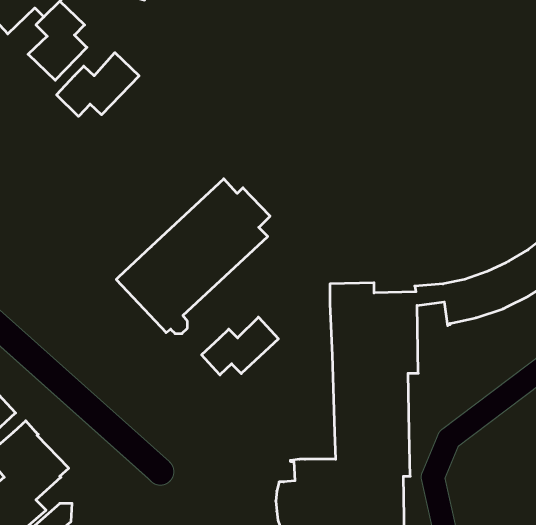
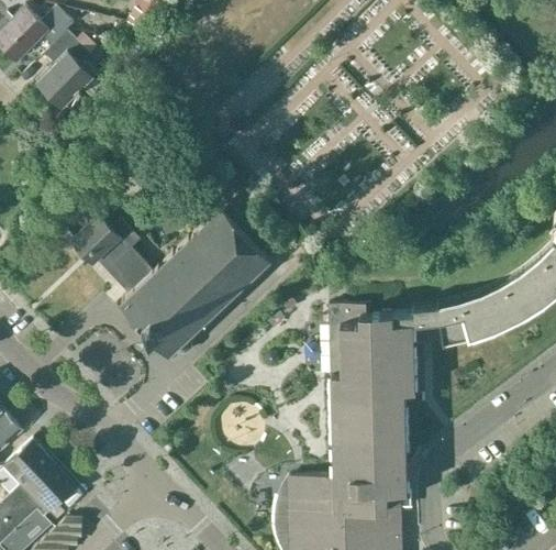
building: [57,53,139,116] -> none
building: none -> [69,219,156,300]
building: [202,317,278,375] -> none

